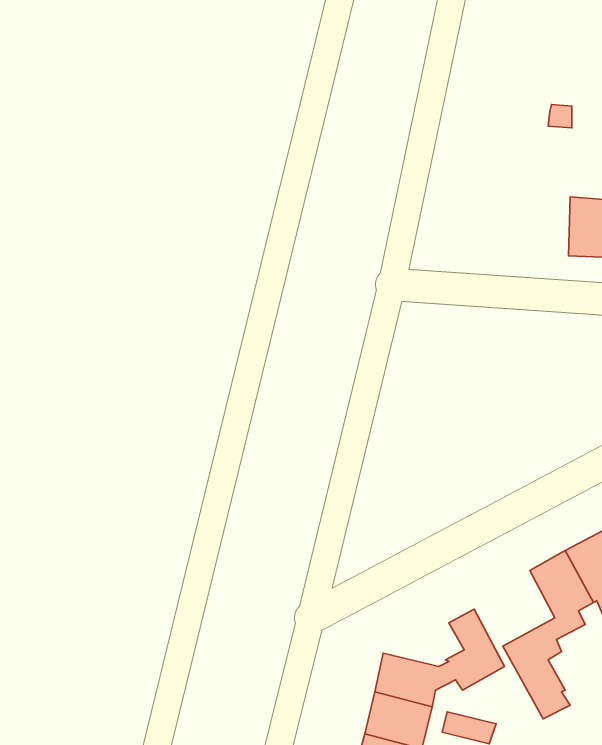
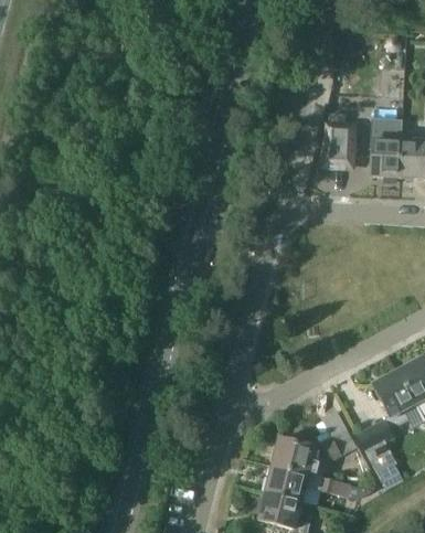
building: none -> [371,118,402,177]
building: none -> [326,124,354,166]

